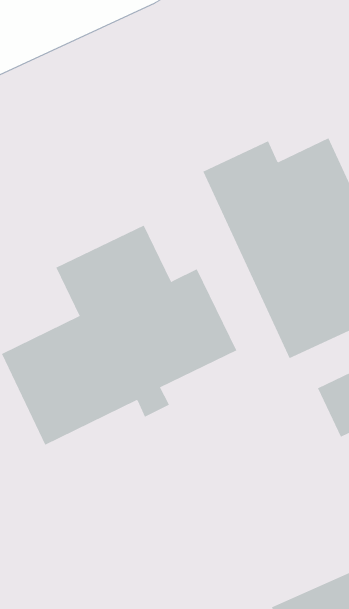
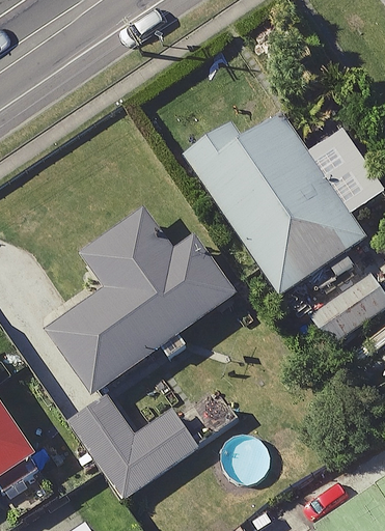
building: none -> [67,384,242,501]

